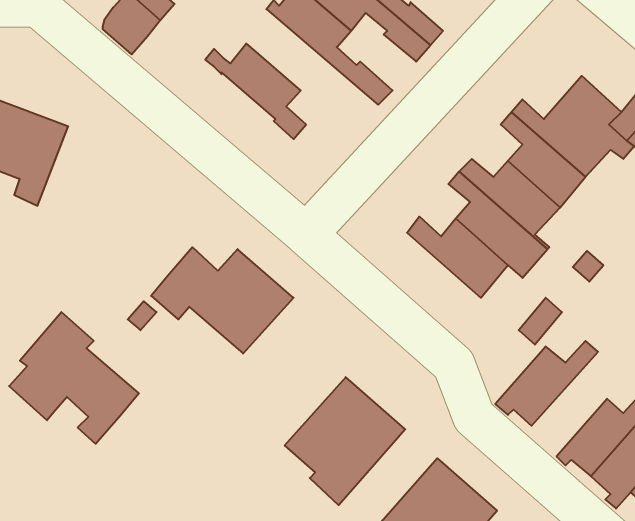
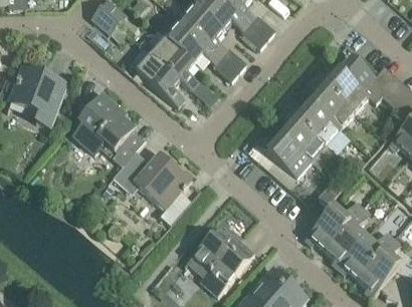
building: none -> [166,18,239,81]
building: none -> [137,53,185,106]
building: [9,312,139,444] -> [73,93,146,167]
building: none -> [325,209,369,267]

